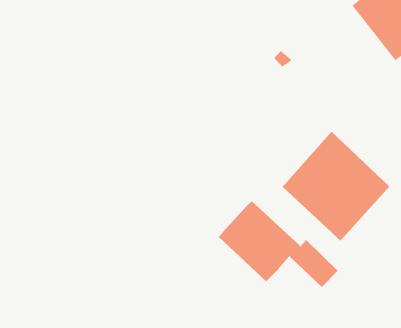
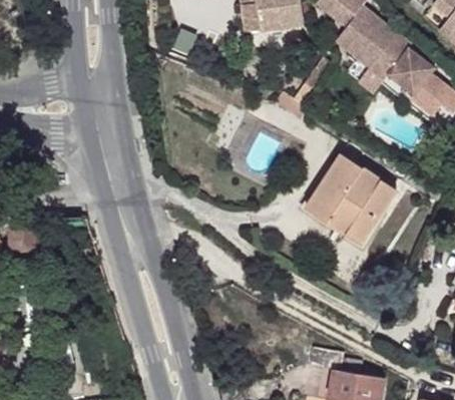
building: [218,200,338,288] -> none

